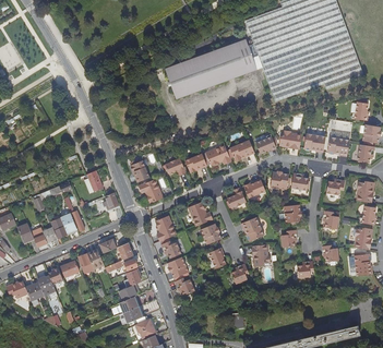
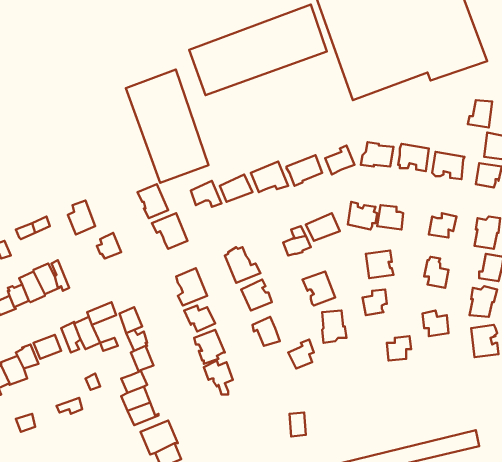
building: none -> [126,70,208,183]

